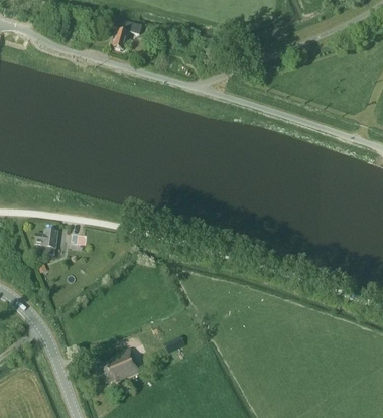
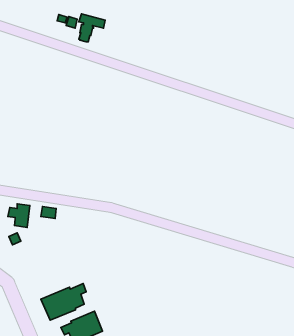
building: none -> [41,284,86,320]

